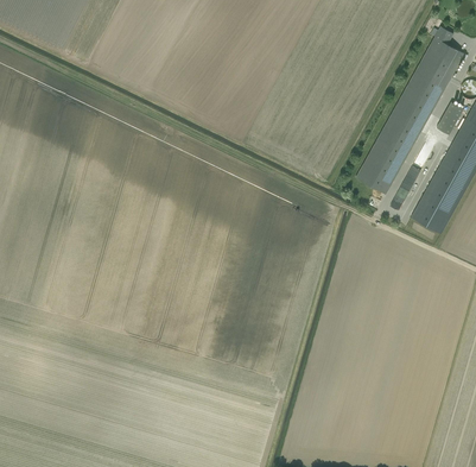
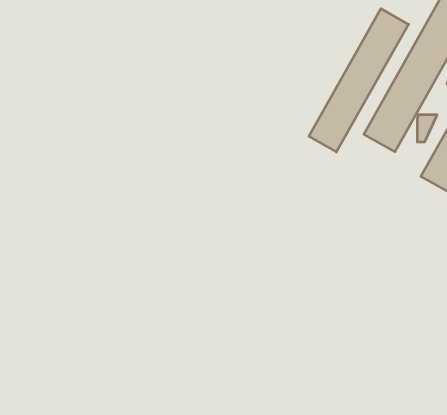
building: none -> [309,9,409,152]

